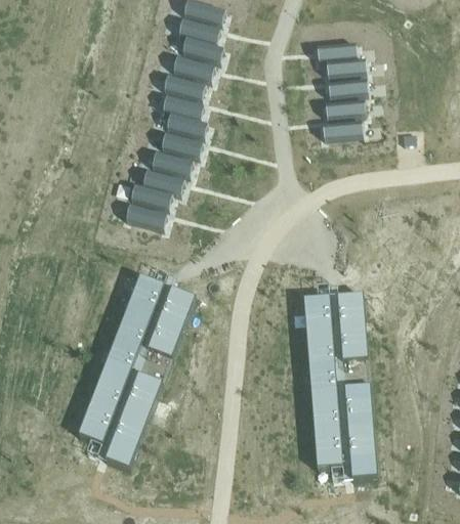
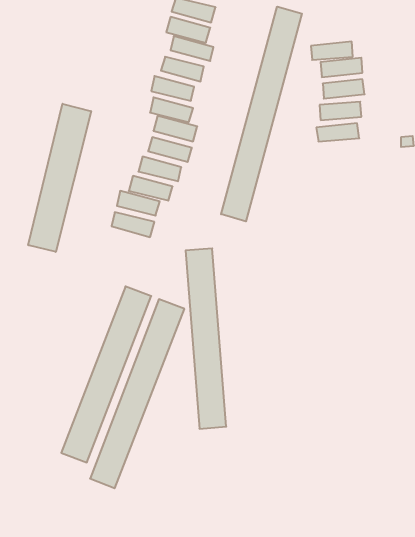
building: none -> [221,7,302,221]
building: none -> [28,104,91,252]
building: [337,292,377,477] -> none
building: [303,295,342,467] -> [186,248,226,429]

